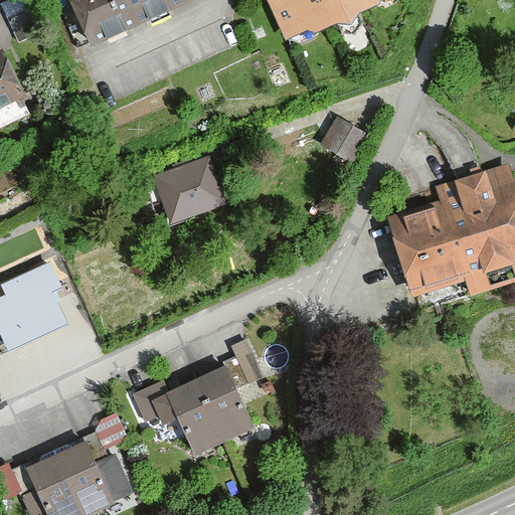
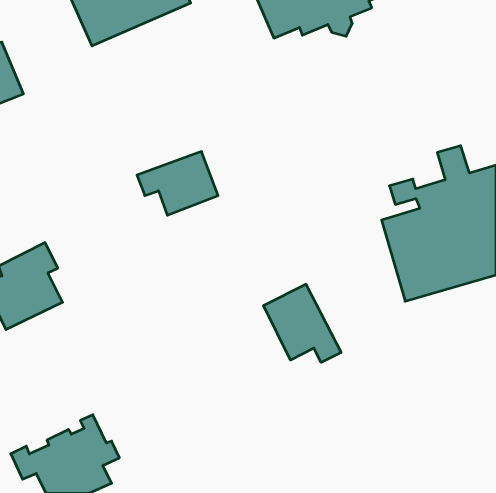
building: [320,117,367,163] -> none
building: none -> [264,284,341,362]
building: [131,342,266,456] -> none

